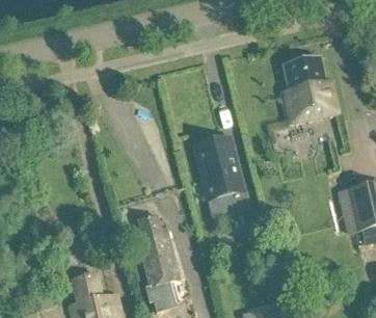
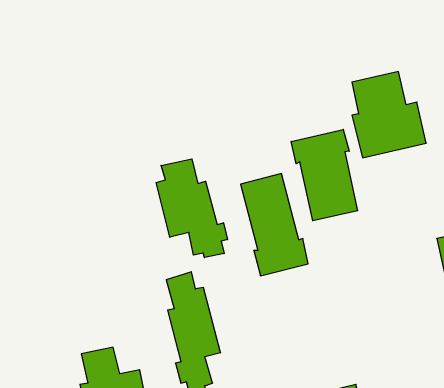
building: none -> [291,129,358,221]
building: none -> [156,159,227,258]

